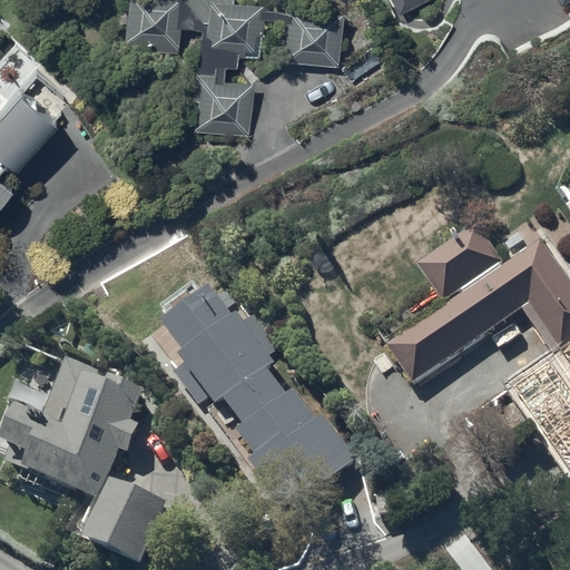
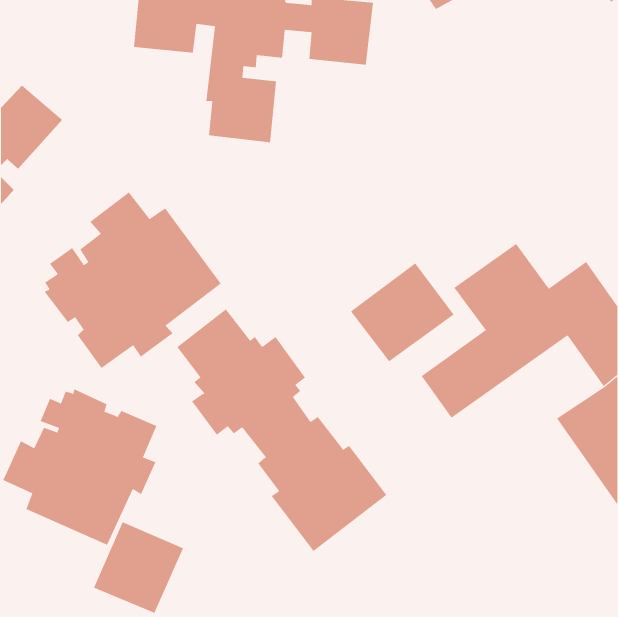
building: none -> [44,192,222,369]
building: none -> [350,263,454,362]

